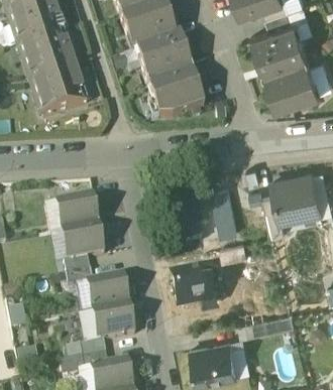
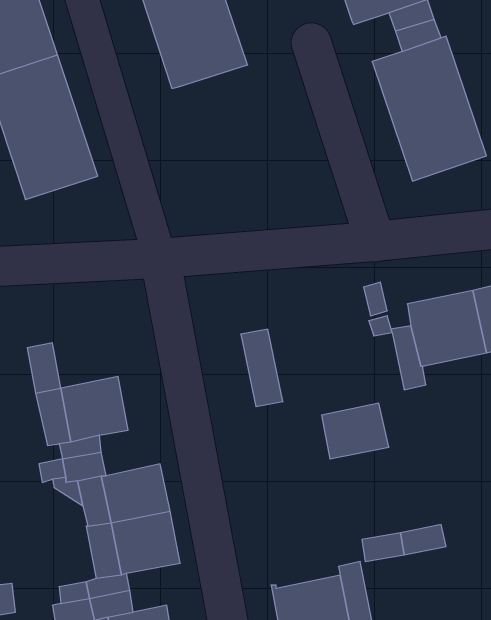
building: [137,38,206,122] -> none
building: [211,191,235,238] -> none
building: [62,200,101,234] -> none
building: [174,270,221,313] -> none

